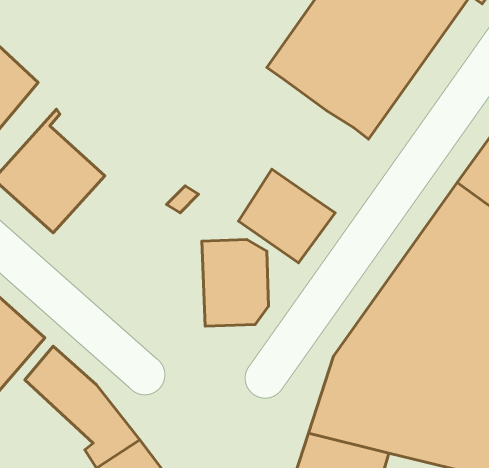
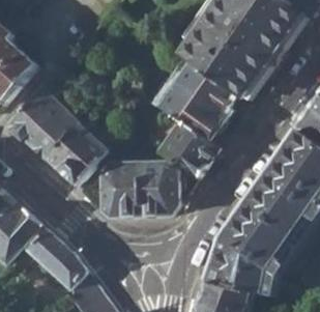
building: none -> [146,62,231,137]
building: none -> [45,122,106,185]
building: none -> [100,163,139,216]

